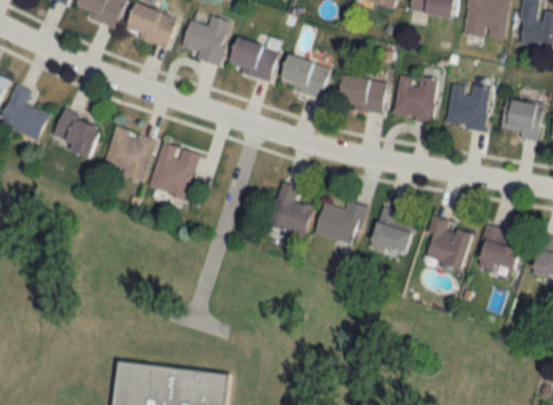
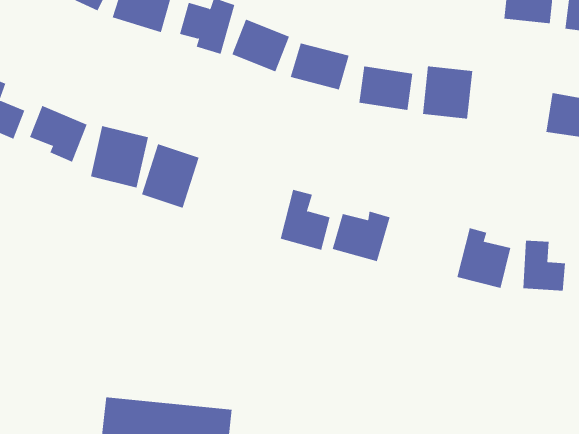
building: [447,82,491,129] -> none
building: [369,206,413,257] -> none

